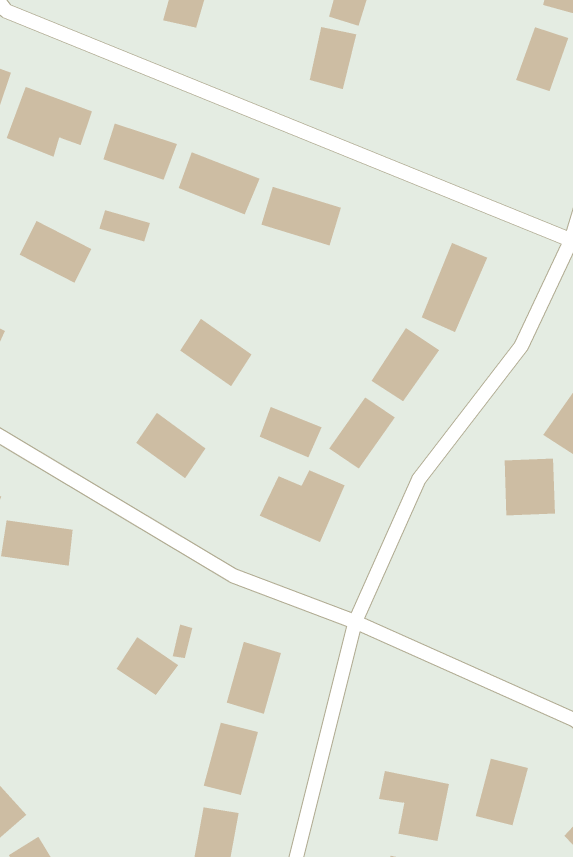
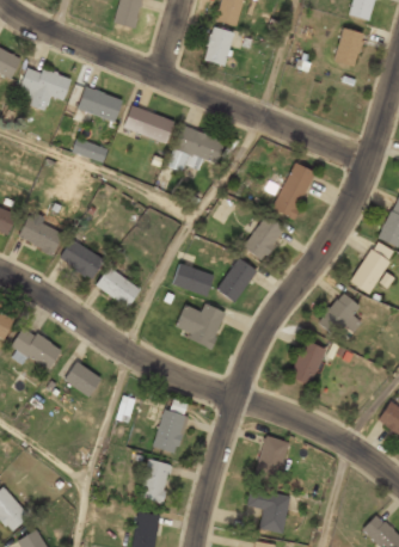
building: [19,220,92,284] -> [18,216,63,256]
building: [179,318,253,387] -> [59,238,104,281]
building: none -> [289,340,327,386]
building: [115,636,179,696] -> [63,361,103,398]
building: [475,758,529,826] -> [256,436,289,478]

